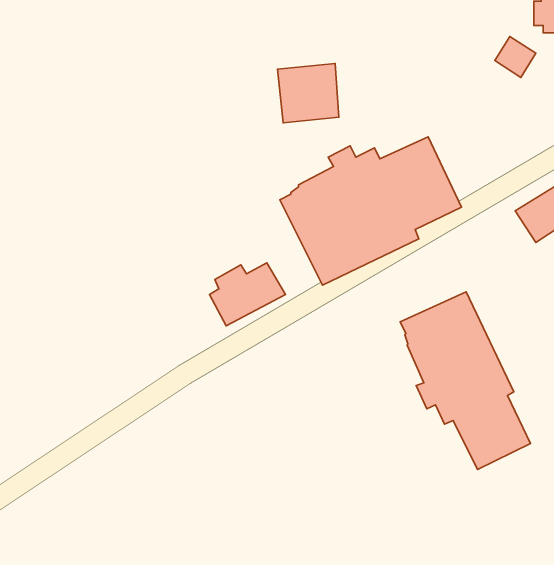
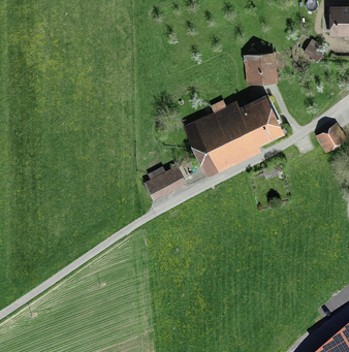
building: [278,63,339,123] -> [244,51,278,84]
building: [400,292,531,470] -> none

